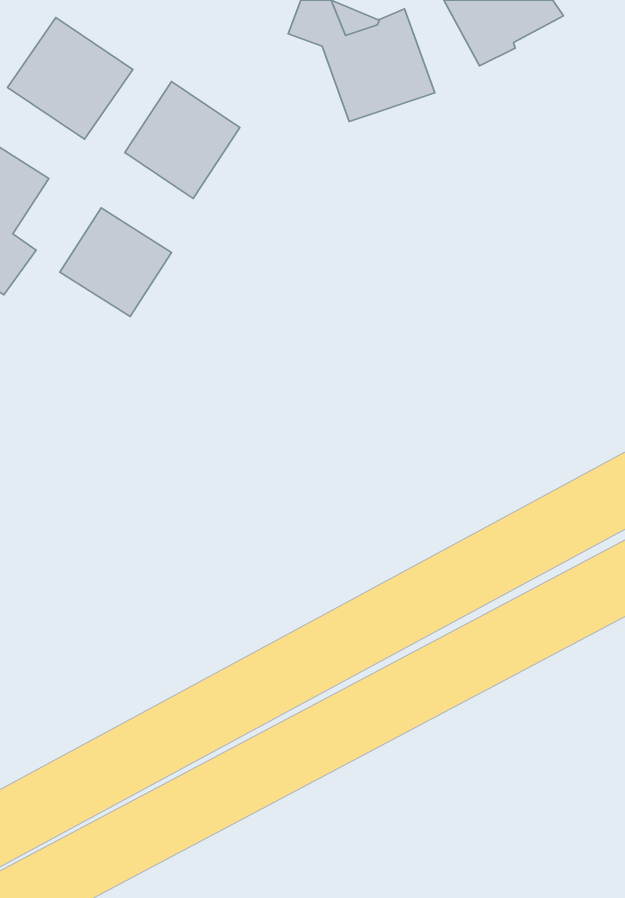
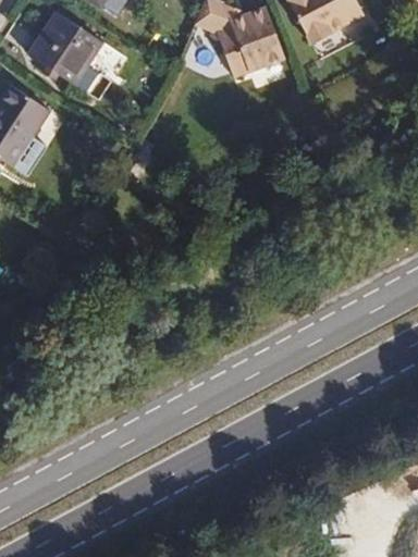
building: [125,81,240,199] -> none
building: [60,208,171,317] -> none

